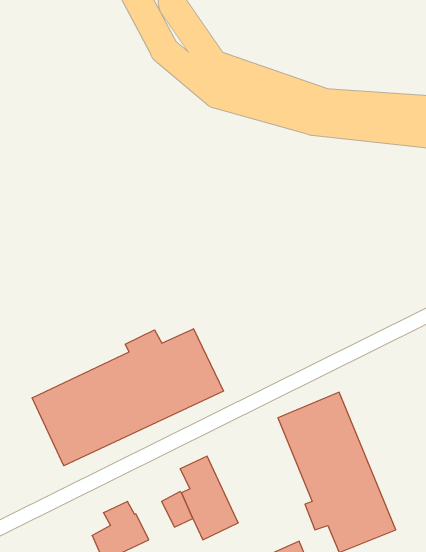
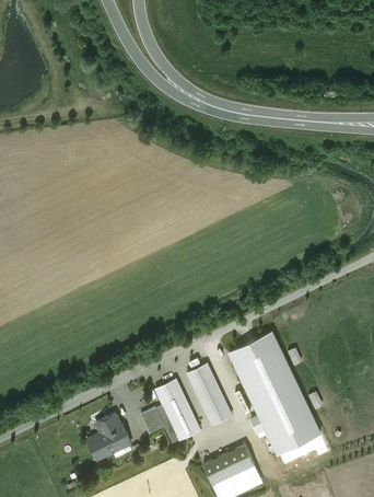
building: [32,329,223,466] -> none
building: none -> [187,365,231,425]

